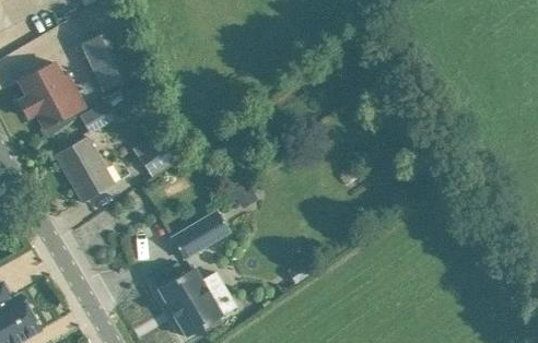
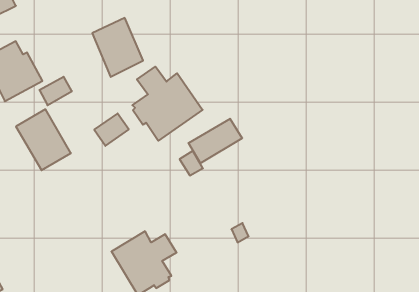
building: [80,25,134,88] -> [92,18,143,77]
building: none -> [132,67,203,141]
building: [169,211,227,259] -> [188,119,242,163]

